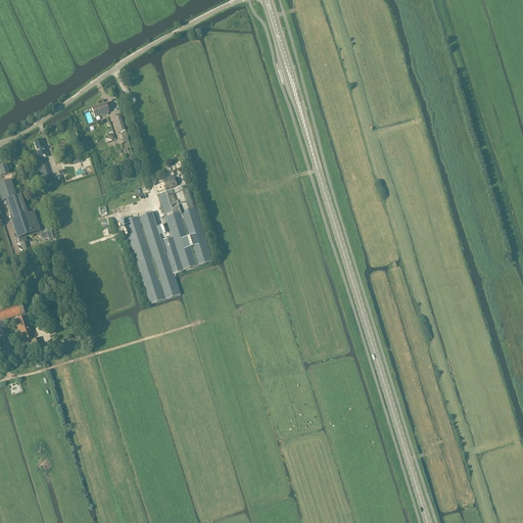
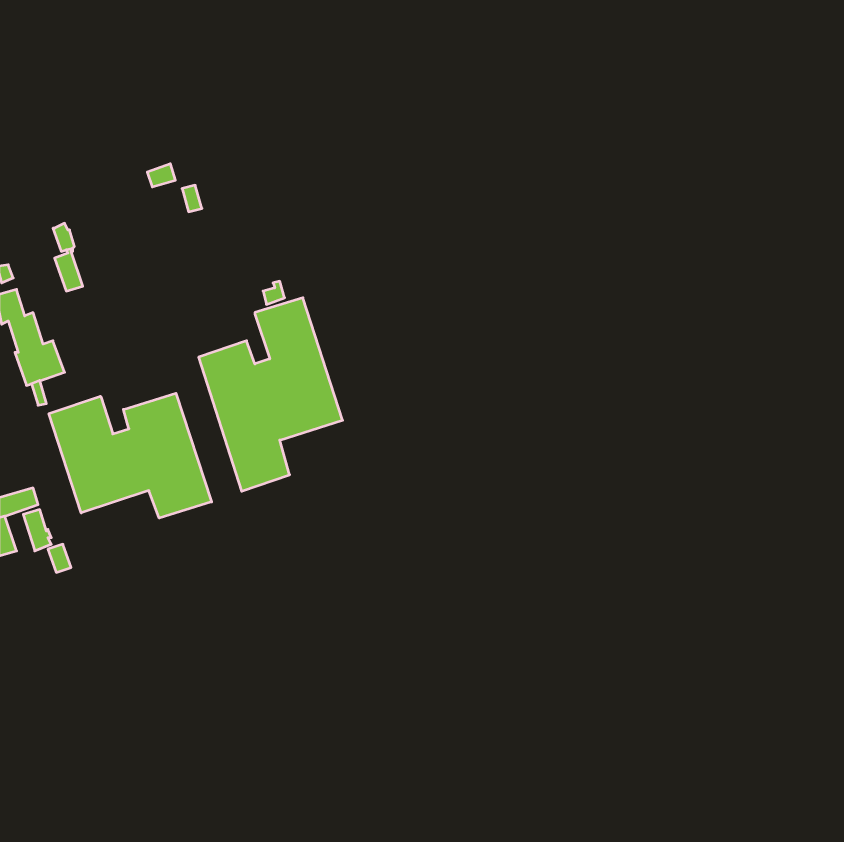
building: none -> [49,393,212,518]

